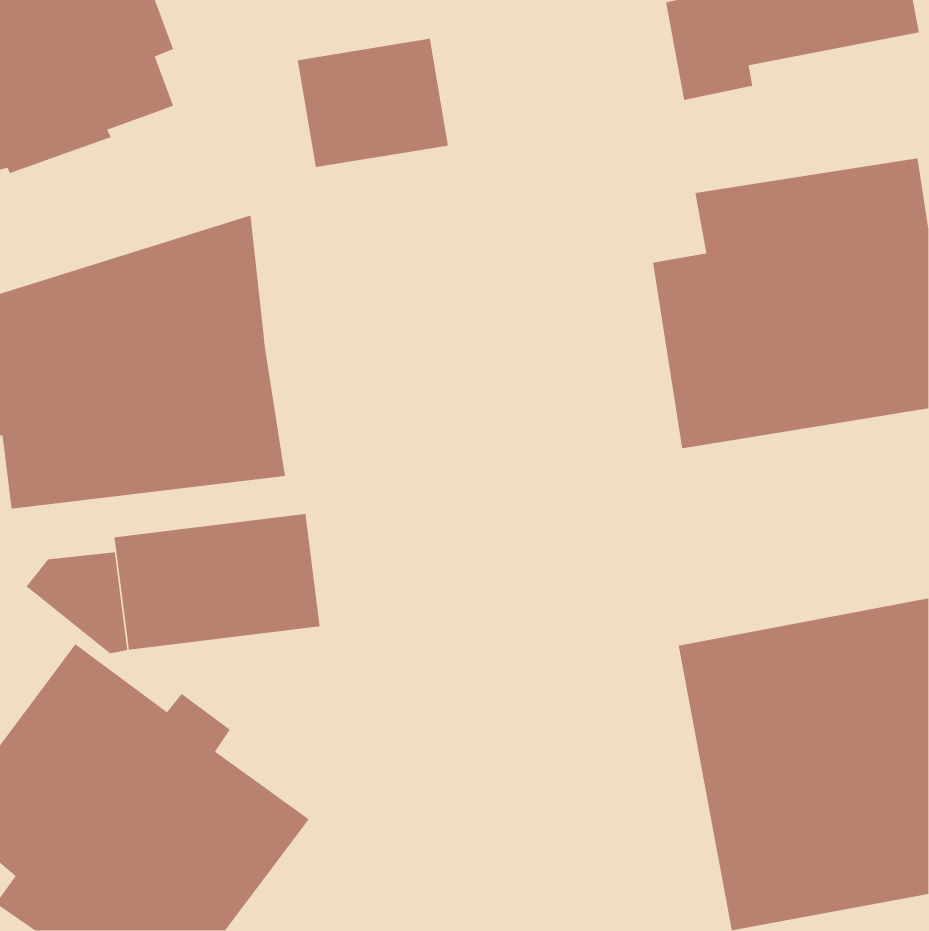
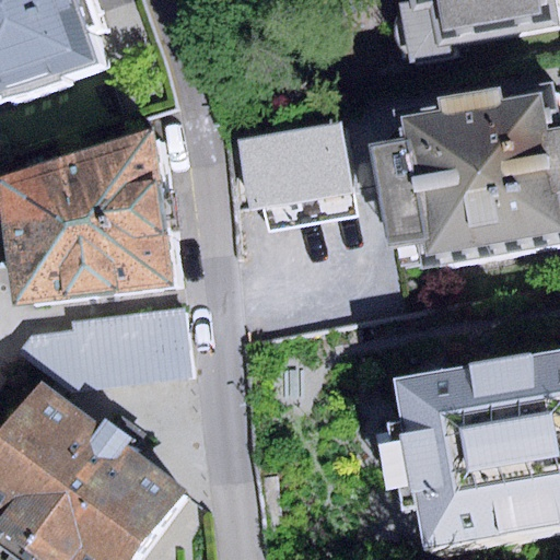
building: [297,38,449,168] -> [238,126,329,203]

